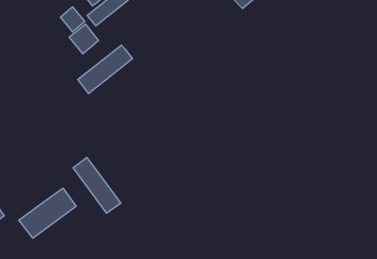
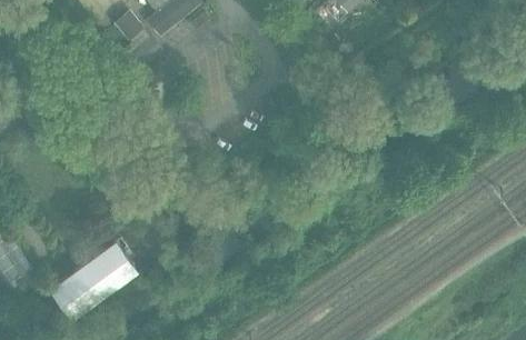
building: [78,45,132,93] -> none
building: [73,157,121,213] -> none

